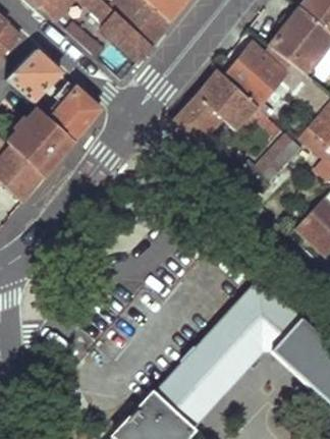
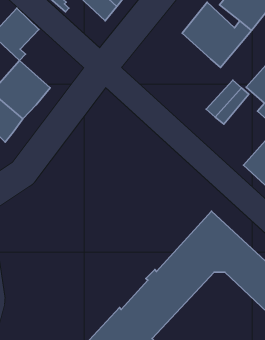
building: [168,68,258,147] -> none
building: [38,87,100,140] -> none

